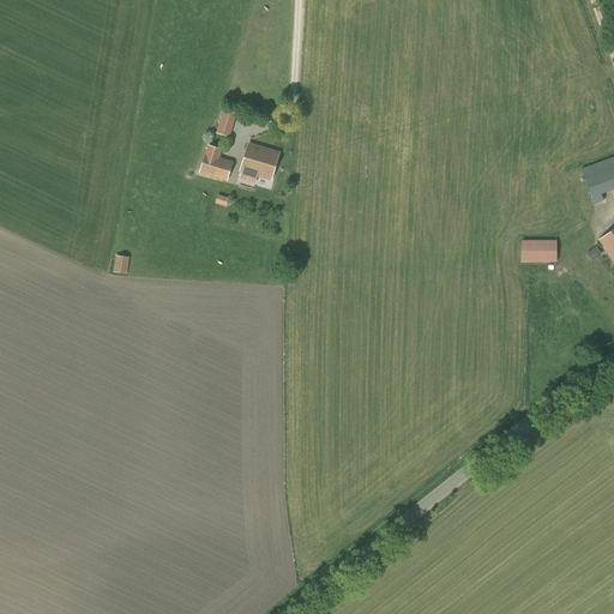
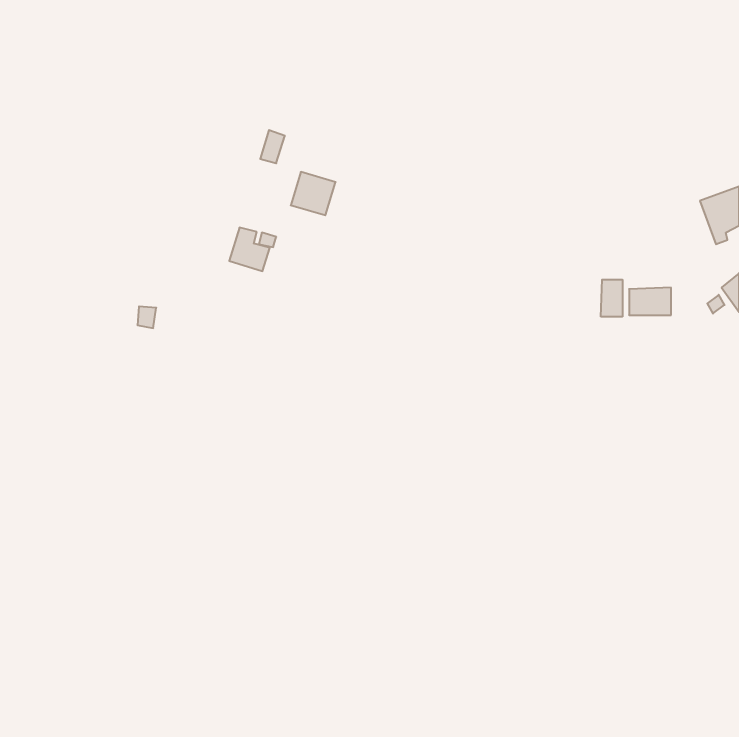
building: [199,144,233,180] -> [229,228,270,271]
building: none -> [601,280,622,317]

